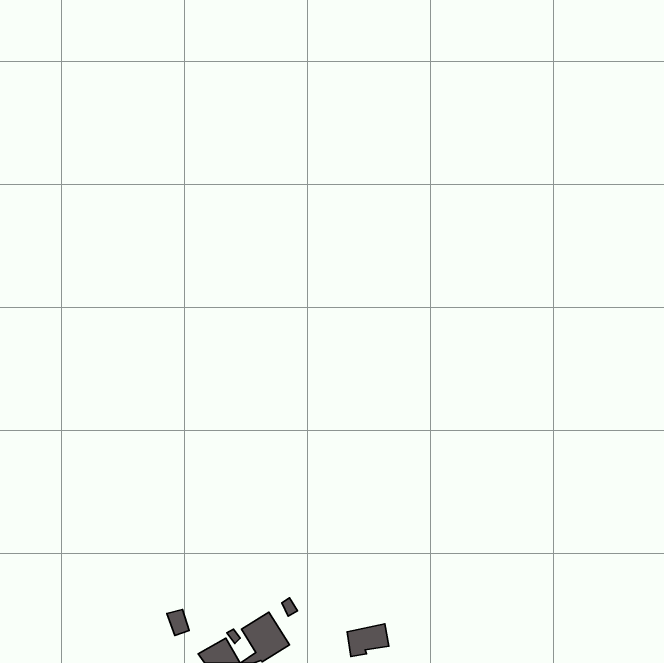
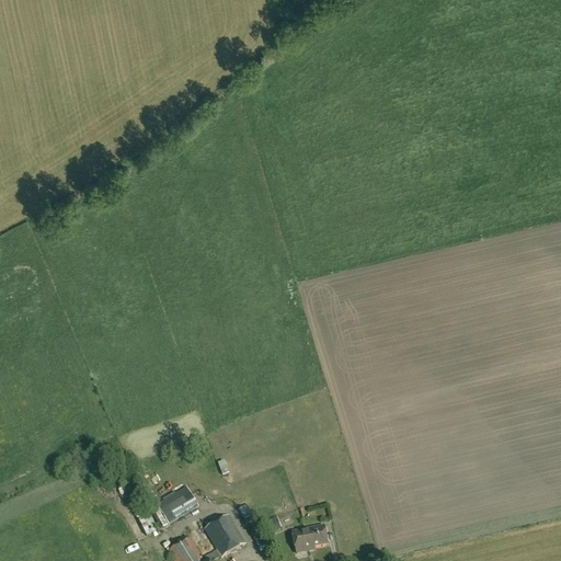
building: none -> [158,484,199,520]

